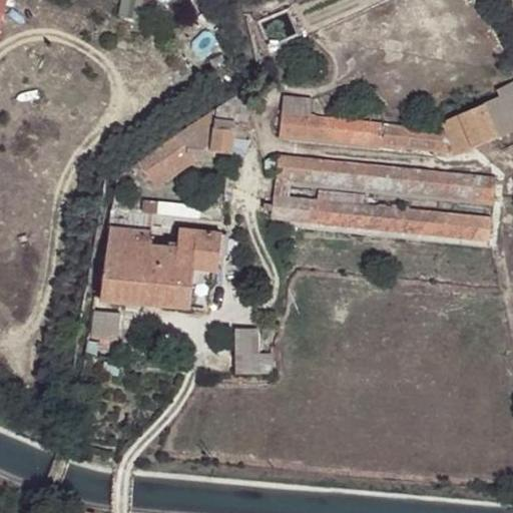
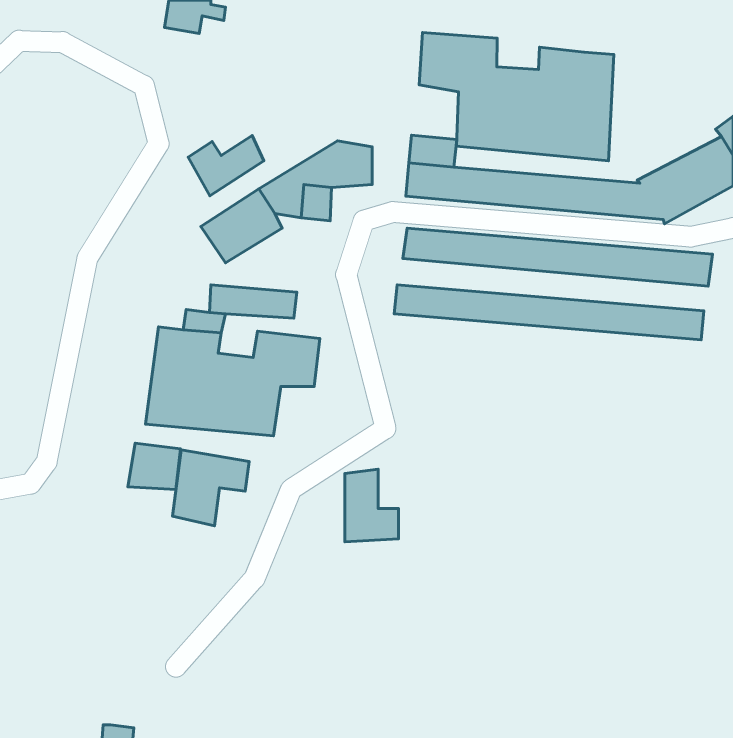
building: none -> [419,33,614,161]
building: none -> [188,136,264,196]
building: none -> [173,450,249,526]

